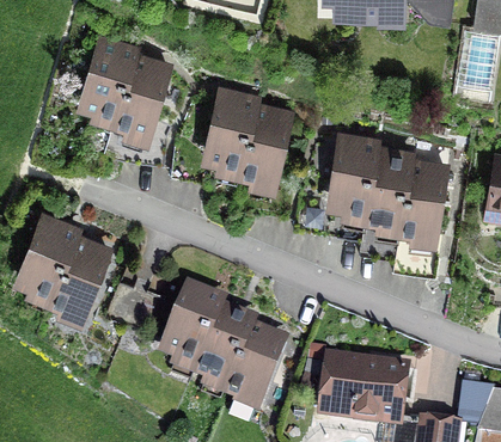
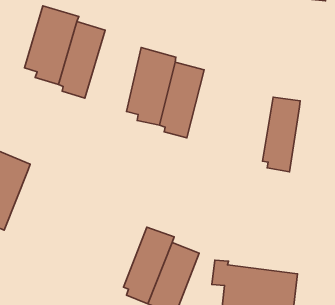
building: [325,129,383,222] -> none
building: [402,155,451,248] -> none
building: [50,233,115,327] -> none
building: [158,280,228,377] -> none

